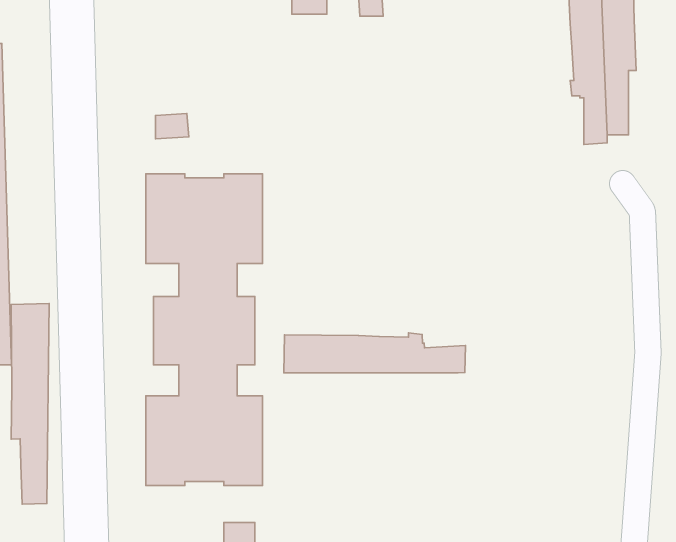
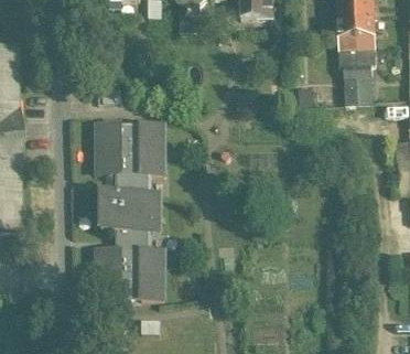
building: [11,303,49,504] -> none
building: [284,333,466,373] -> none

